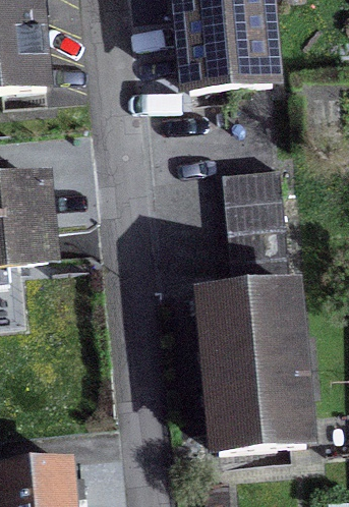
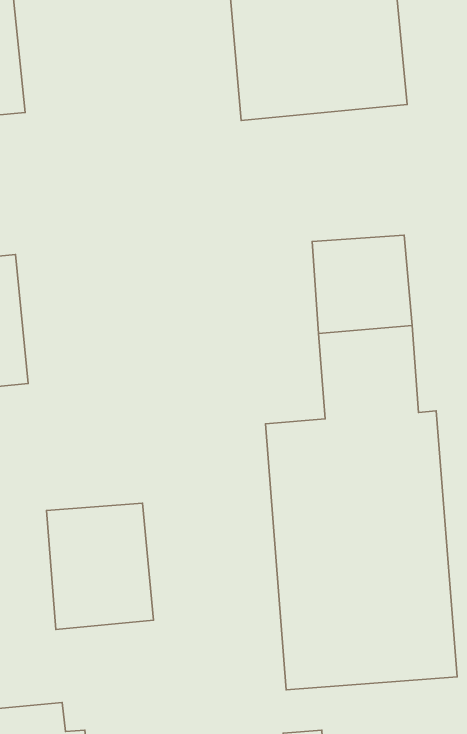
building: none -> [46,503,153,630]

